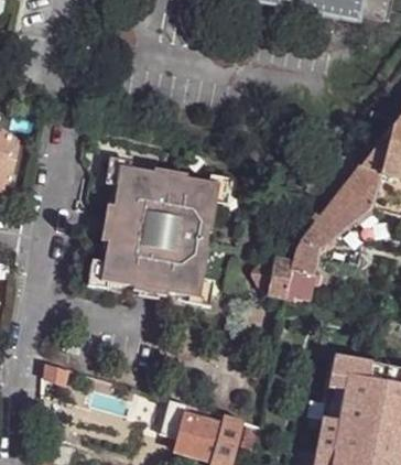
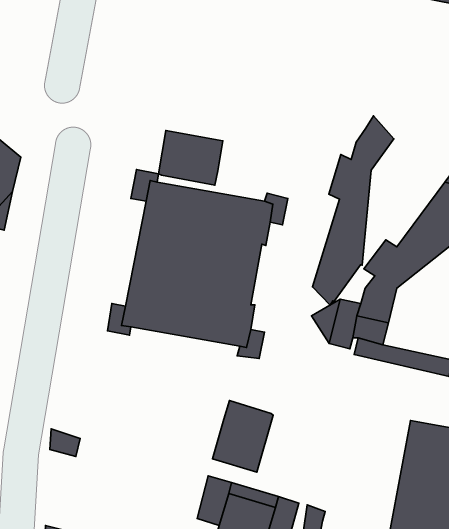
building: none -> [313,116,394,305]
building: none -> [159,130,223,185]
building: none -> [212,400,273,472]

